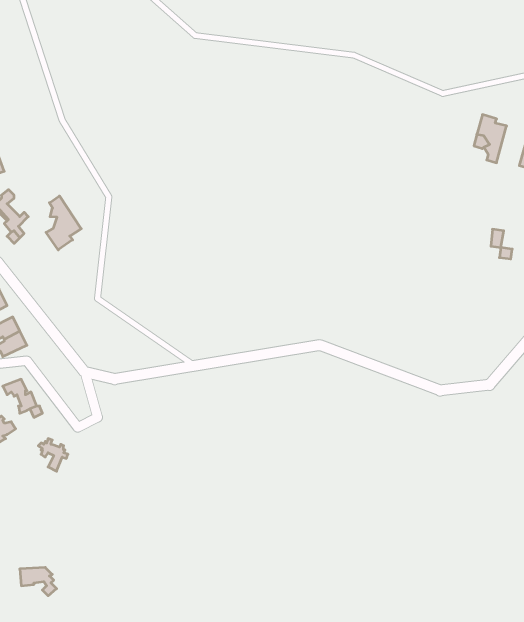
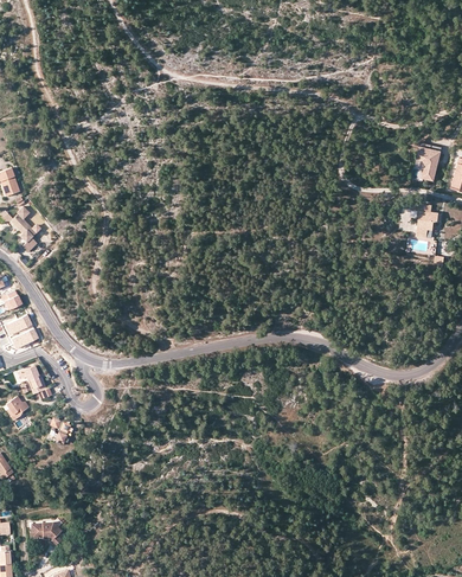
building: none -> [409,203,437,237]
building: [46,196,81,250] -> none

